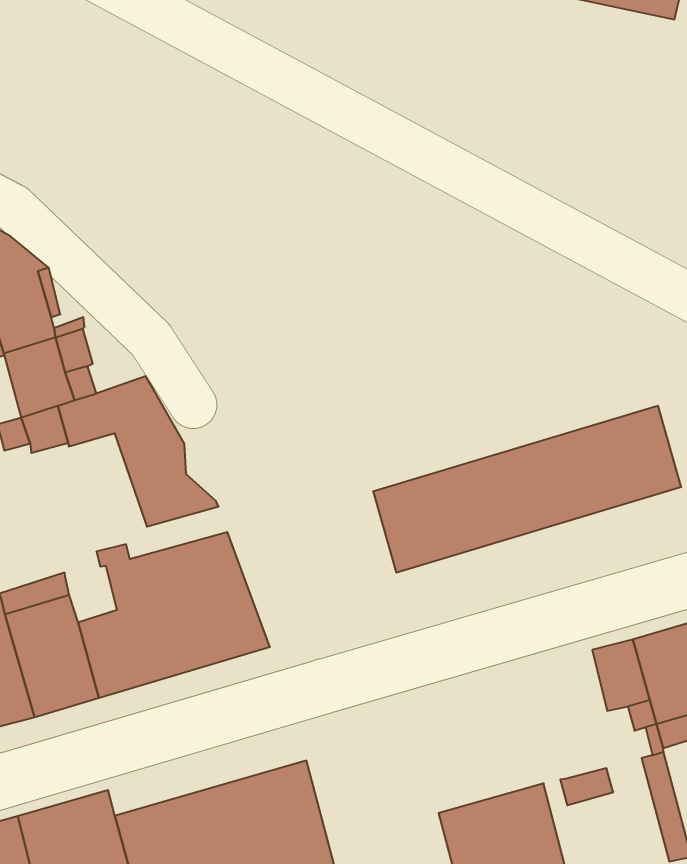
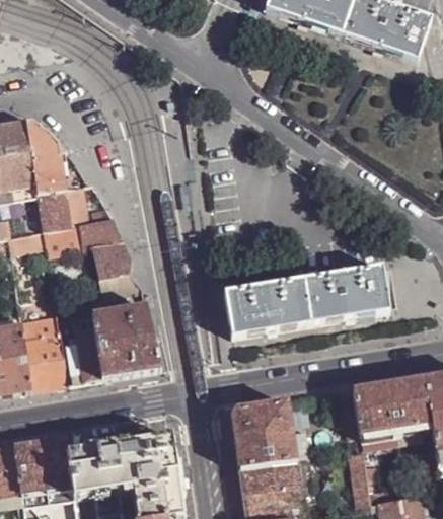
building: none -> [230,397,296,467]

